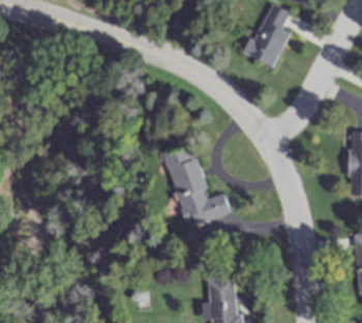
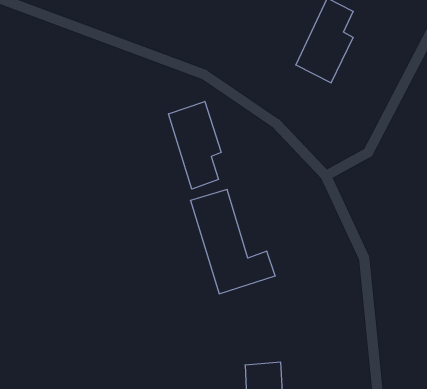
building: none -> [169,101,221,189]

